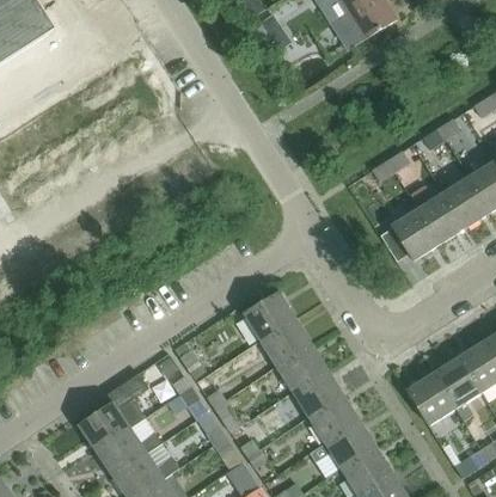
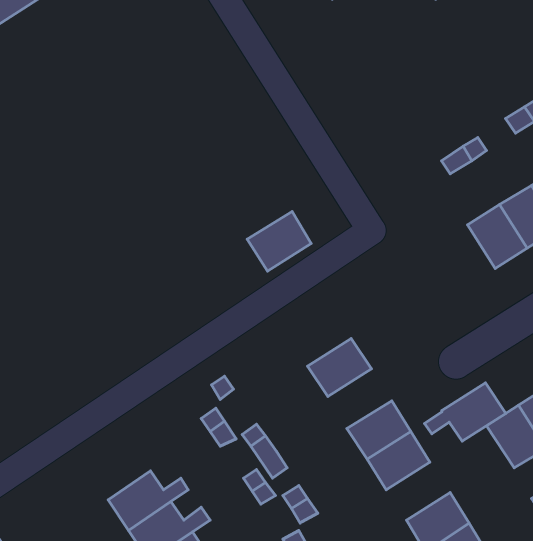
building: [241,293,294,342] -> [247,211,311,271]
building: [275,344,327,393] -> none
building: [76,374,147,452] -> none
building: [308,421,375,468] -> [424,383,506,441]

